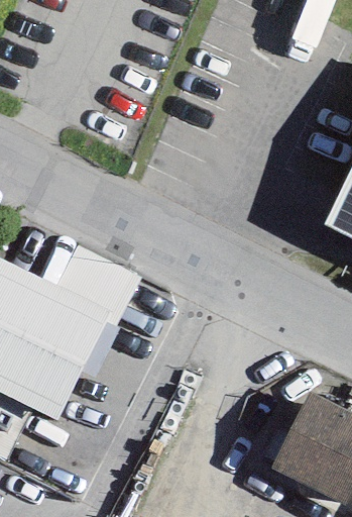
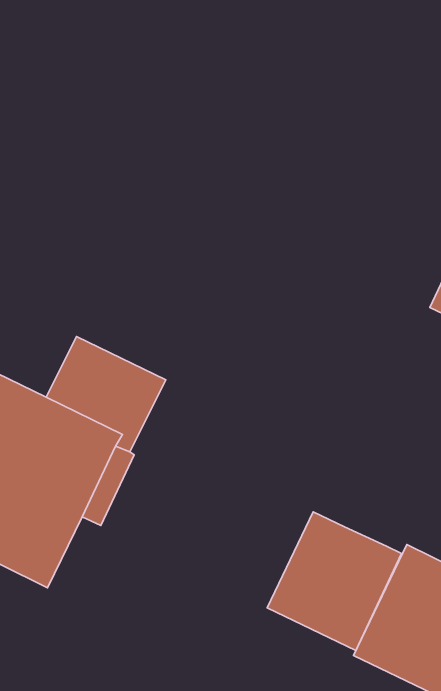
building: none -> [267,512,401,650]

